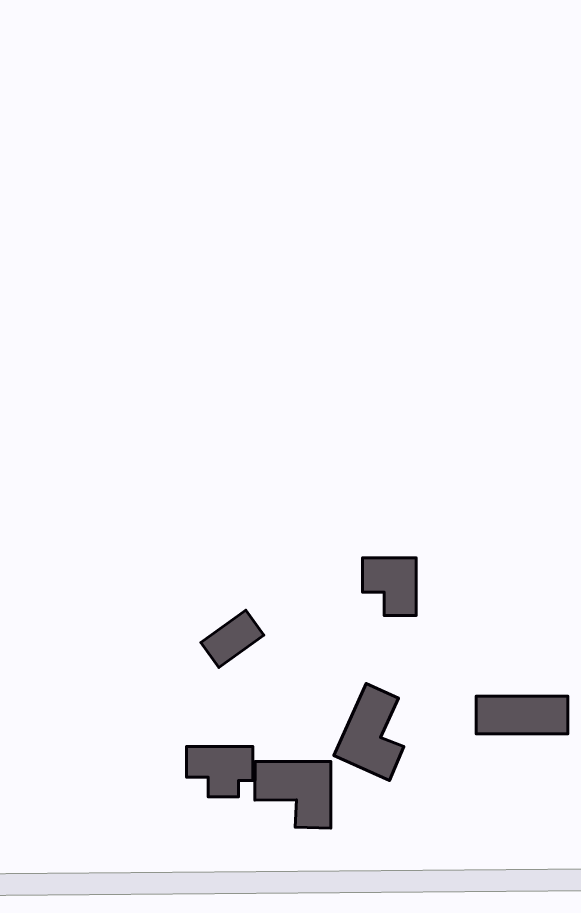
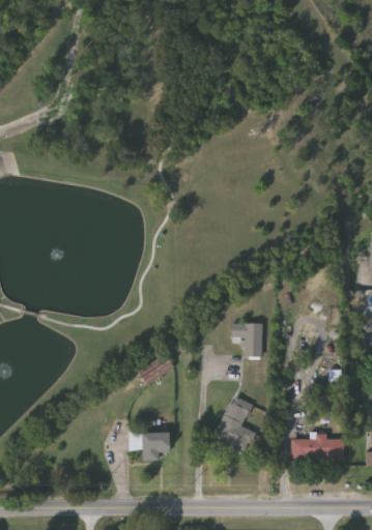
building: [476,696,568,734] -> [291,438,344,460]
building: [255,762,331,828] -> none

